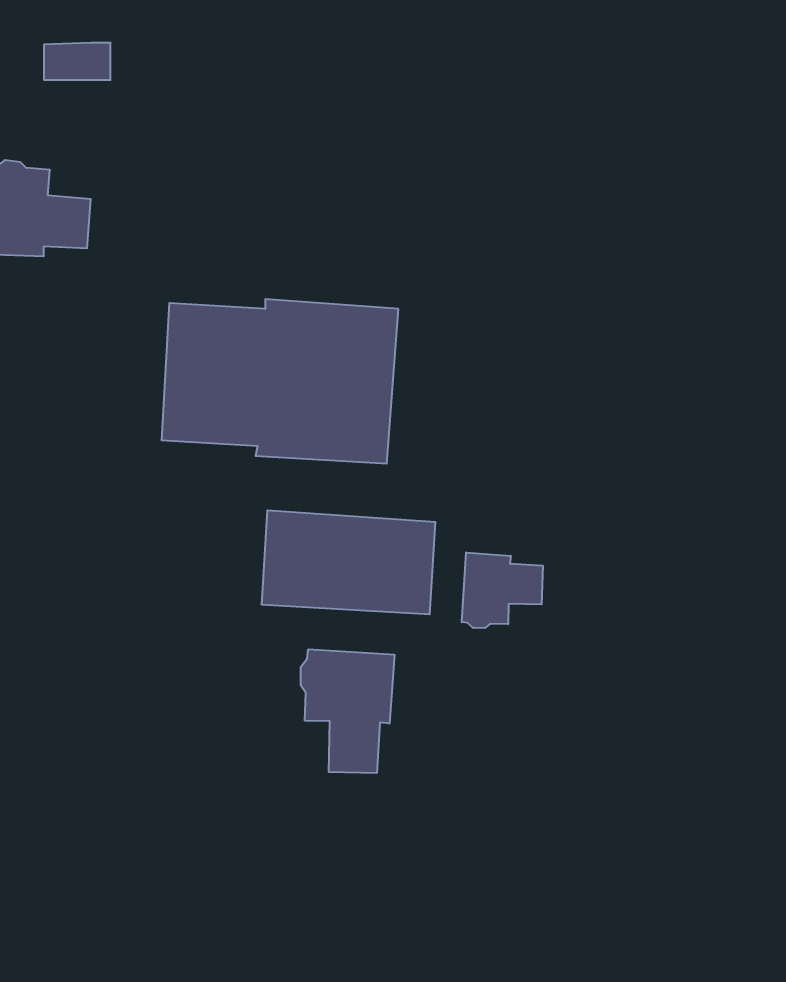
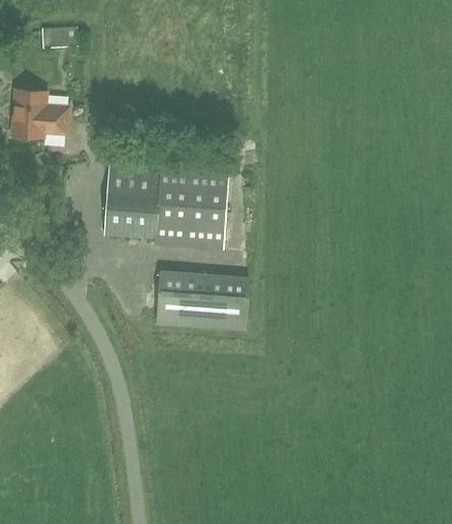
building: [462,552,543,628] -> none
building: [301,649,394,773] -> none

